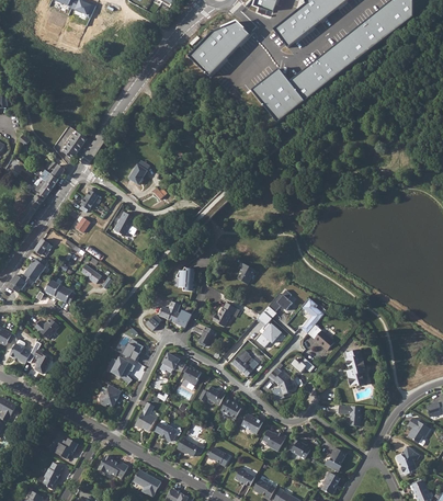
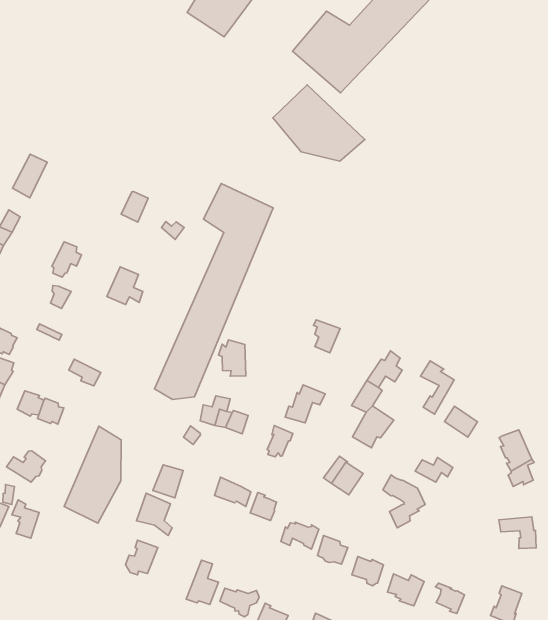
building: none -> [273,85,365,161]
building: none -> [155,184,273,400]
building: none -> [64,426,121,523]

